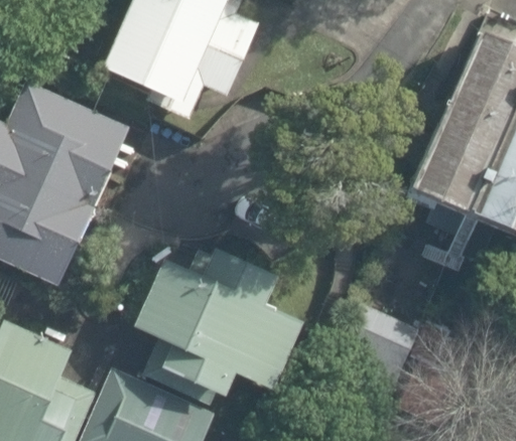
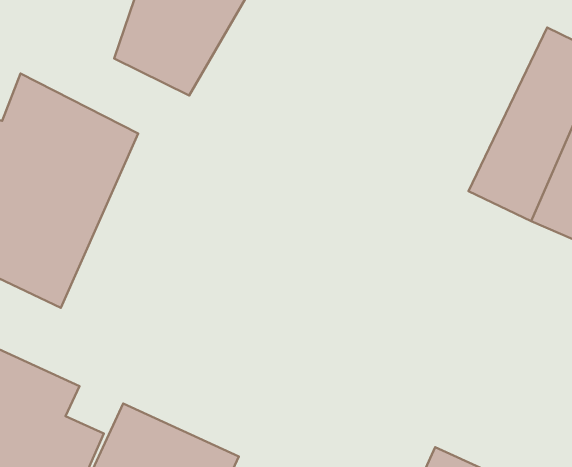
building: [129,245,283,387] -> none

